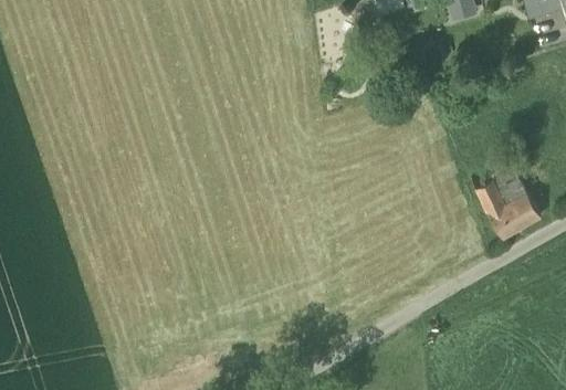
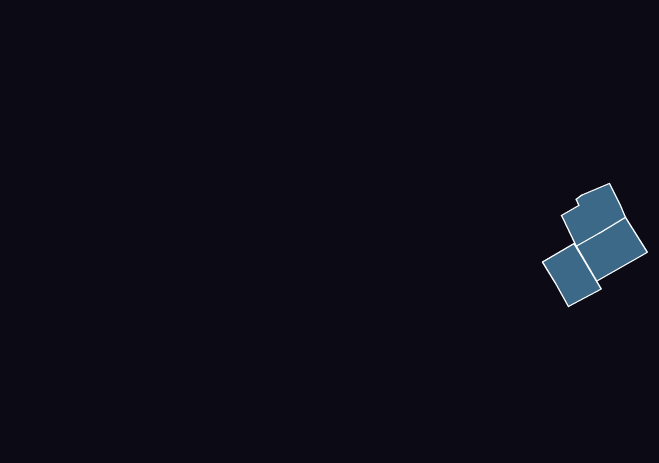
building: none -> [543,244,601,307]

